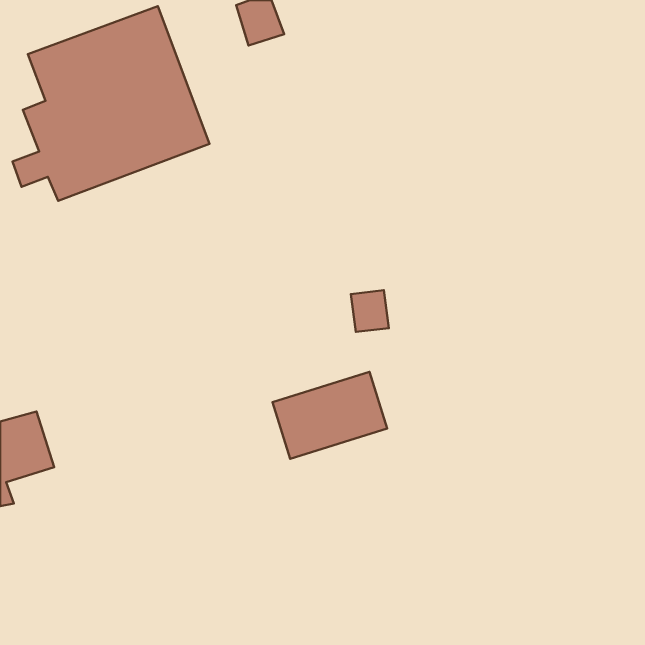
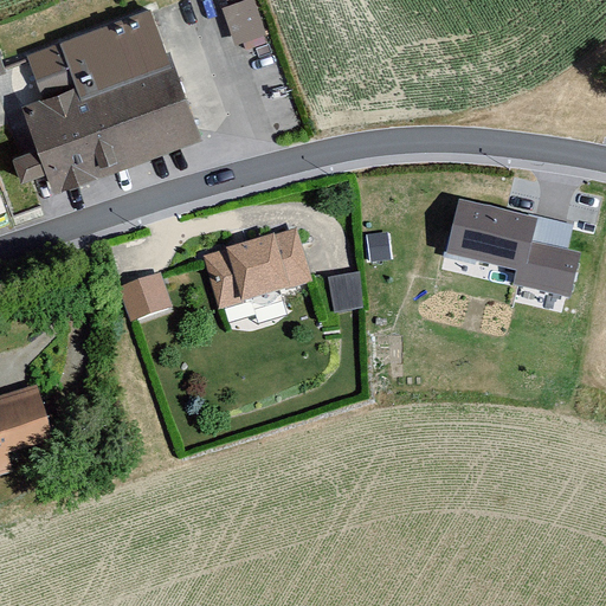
building: none -> [463,212,593,307]
building: none -> [122,272,172,318]
building: [272,372,387,459] -> [204,226,311,308]

